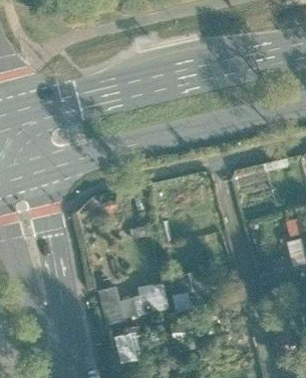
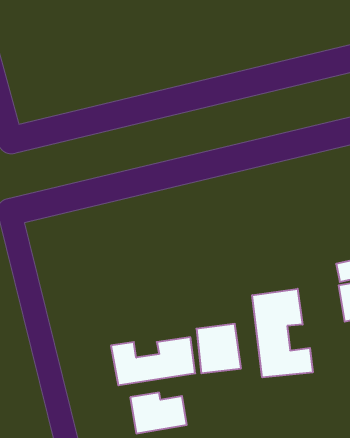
building: none -> [252,289,313,377]

